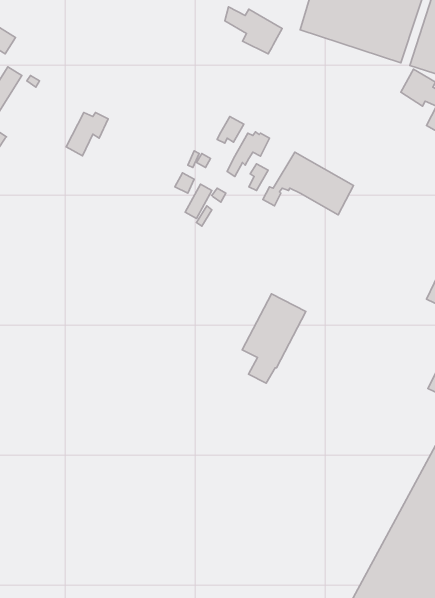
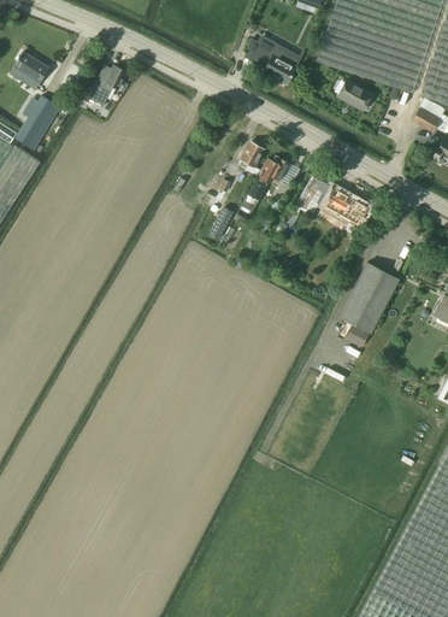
building: none -> [337,80,372,110]
building: [66,113,108,156] -> [88,65,128,106]
building: [242,294,306,383] -> [340,263,400,347]

